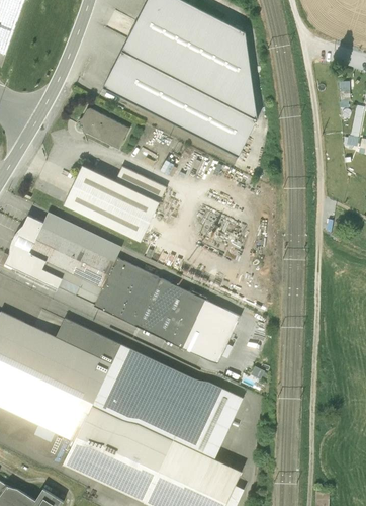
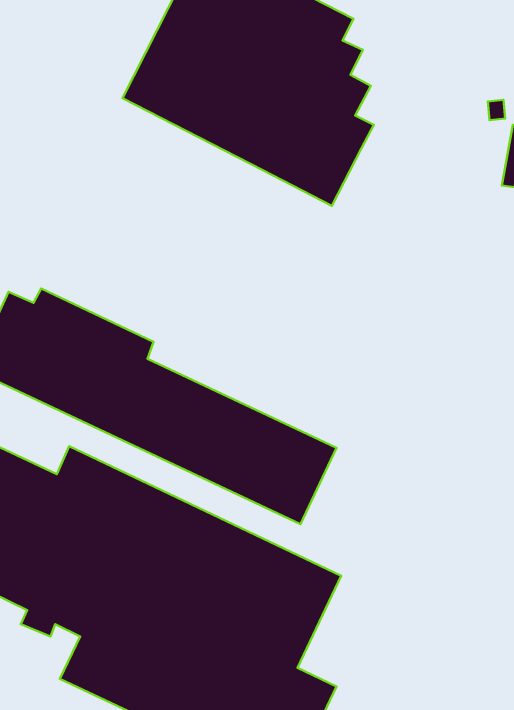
building: [78,108,128,149] -> none
building: [63,167,164,242] -> none

